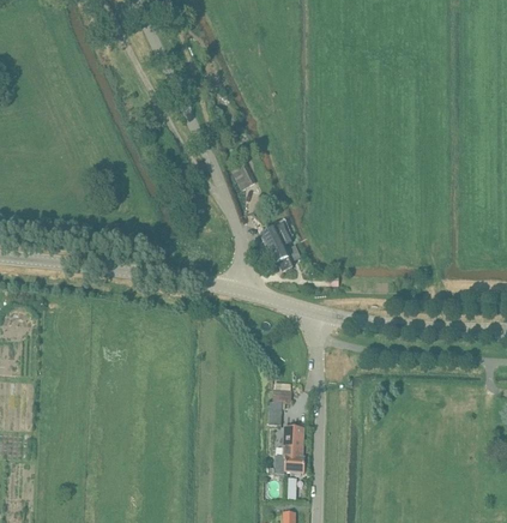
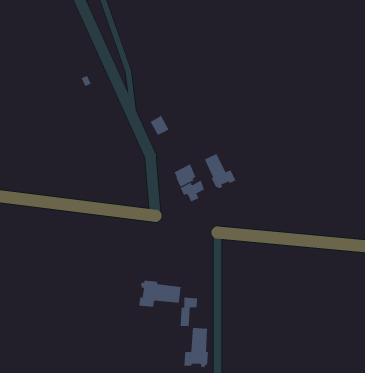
building: none -> [204,153,236,189]
building: none -> [139,280,181,308]

